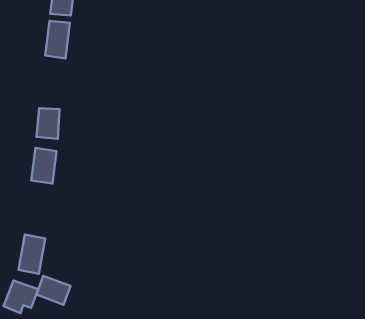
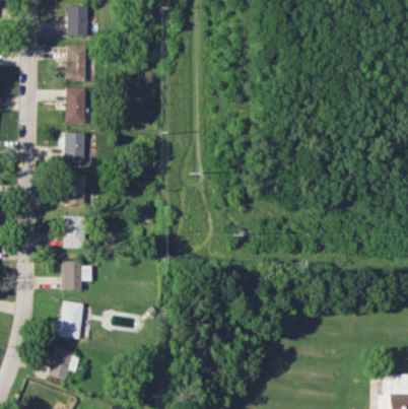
building: none -> [63,133,83,162]
building: none -> [62,261,90,289]
building: [37,276,70,305] -> none

